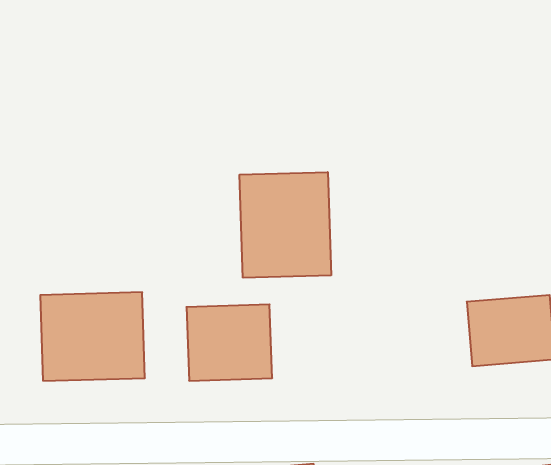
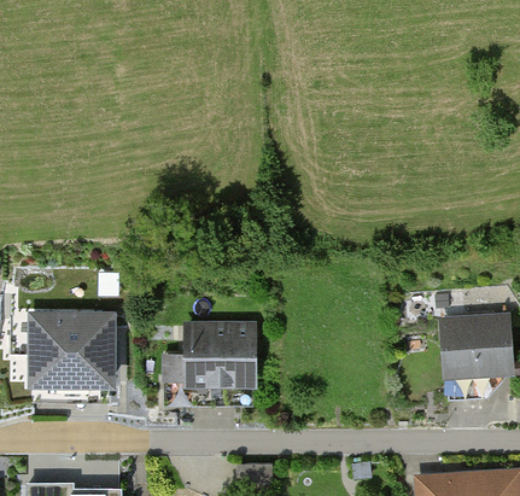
building: [240,172,331,278] -> none

